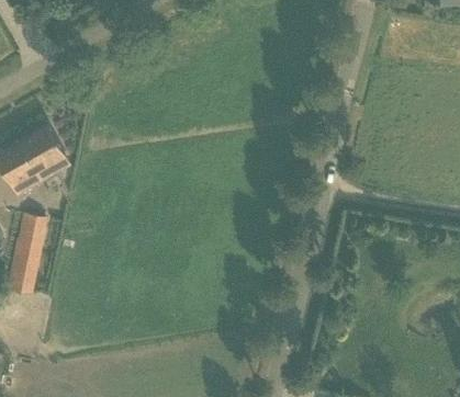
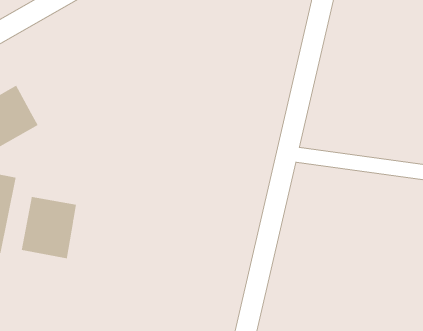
building: none -> [21,196,77,259]

